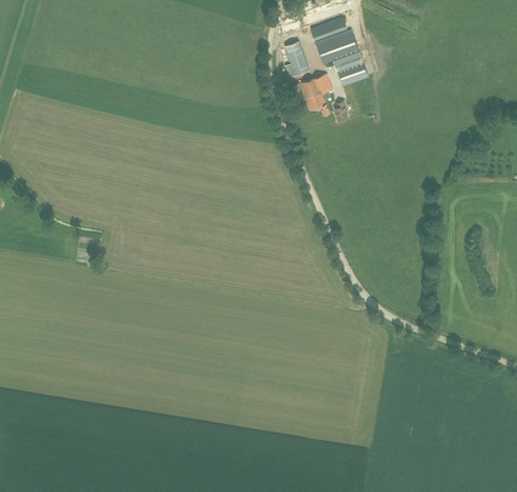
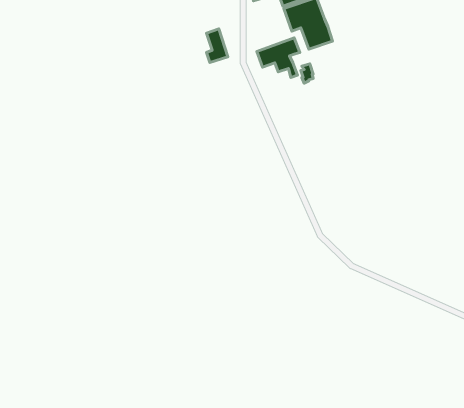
building: [285,41,308,78] -> [206,29,228,63]

